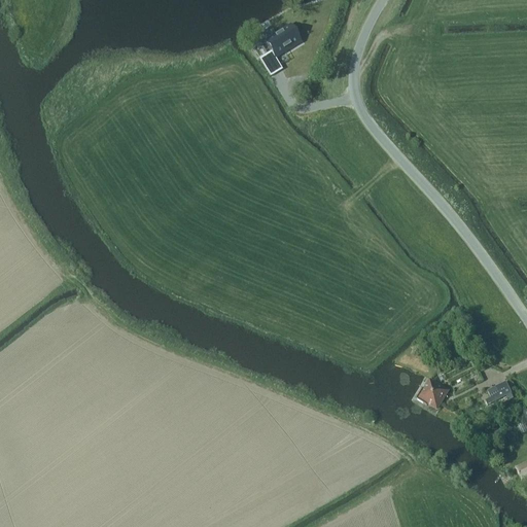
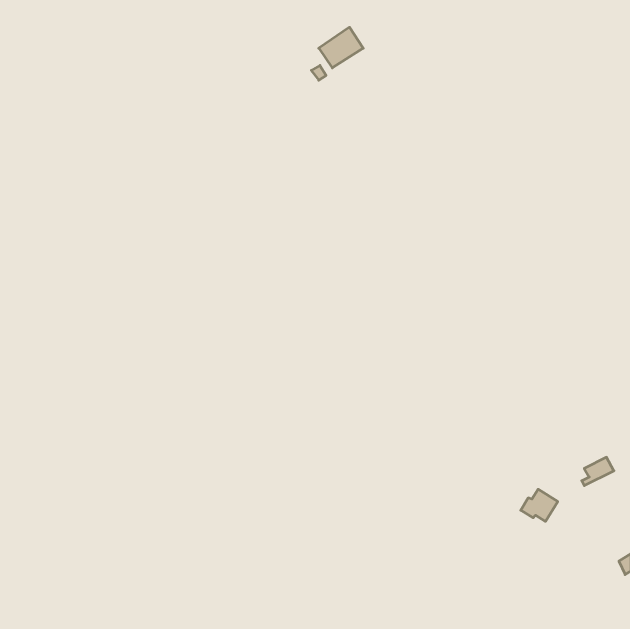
building: [417,381,448,408] -> [521,489,558,521]

